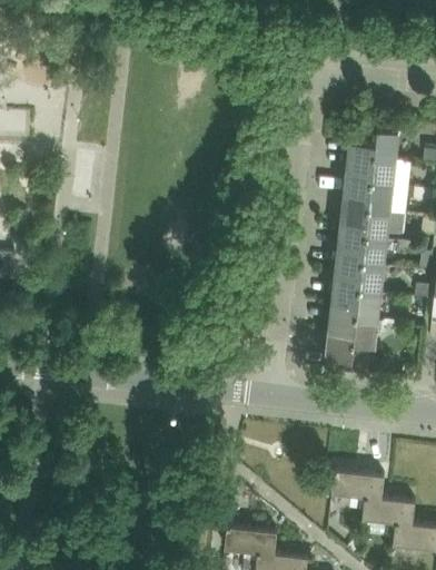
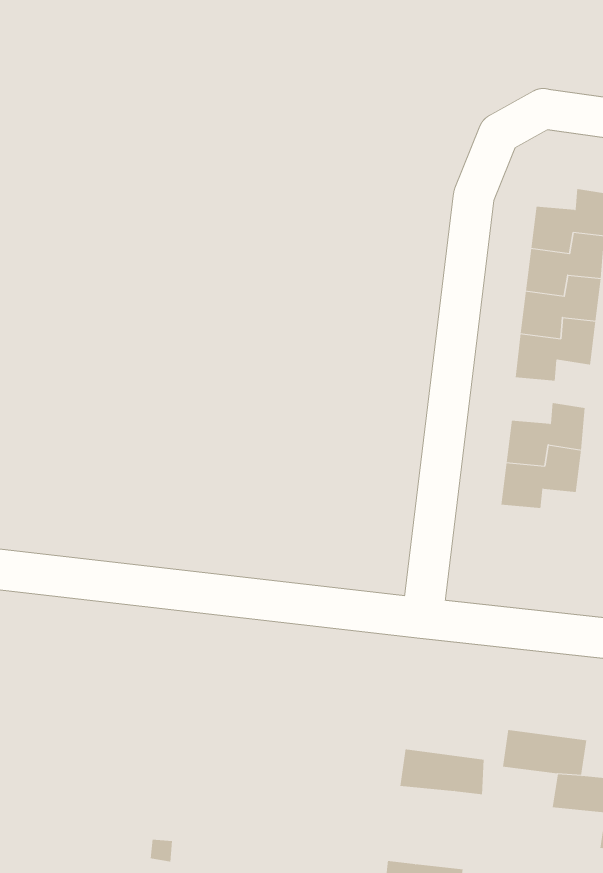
building: [336,237,386,277] -> none
building: [326,318,382,374] -> none
building: [224,525,277,554] -> [400,749,485,795]

